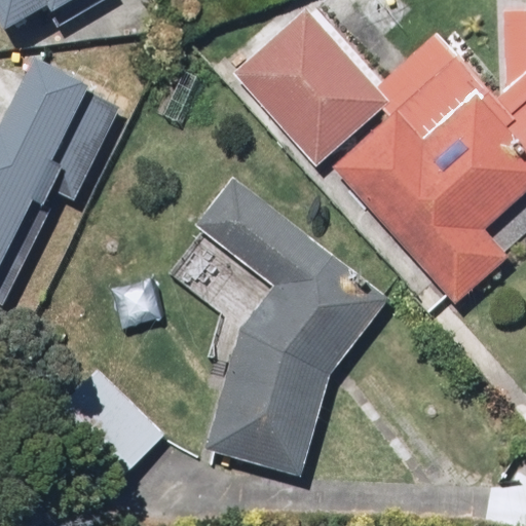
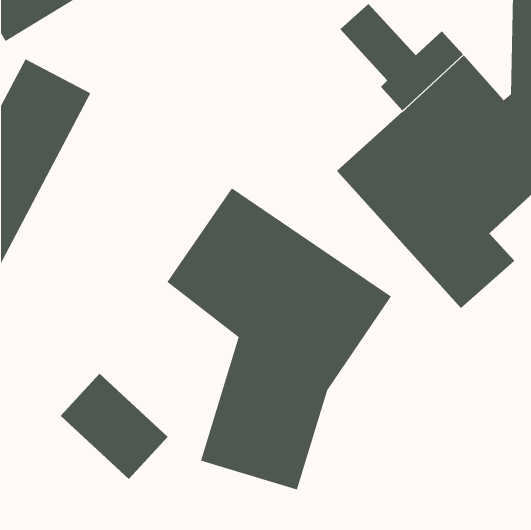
building: [229,4,391,171] -> none

